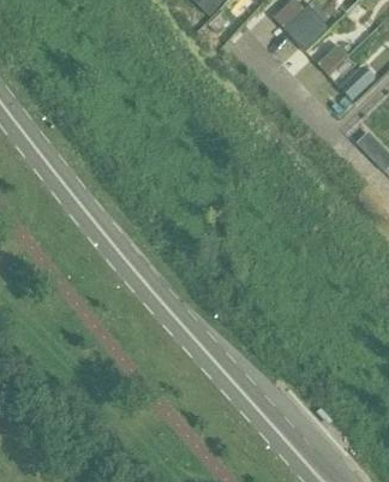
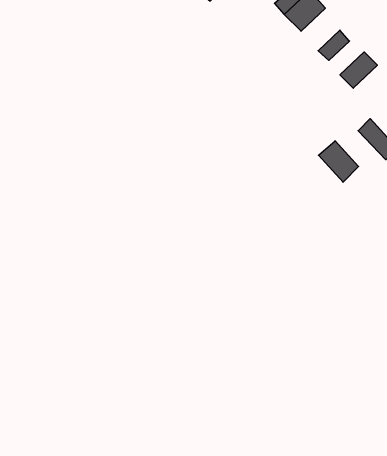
building: none -> [318,141,359,182]

